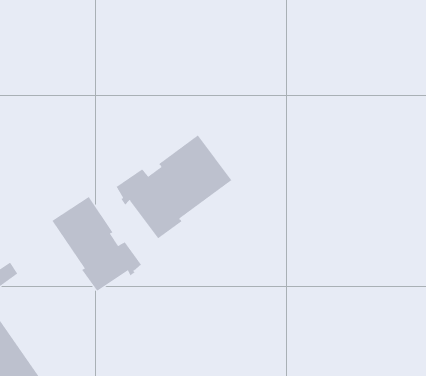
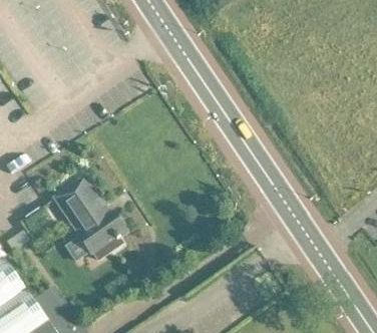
building: [116,135,232,239] -> none

